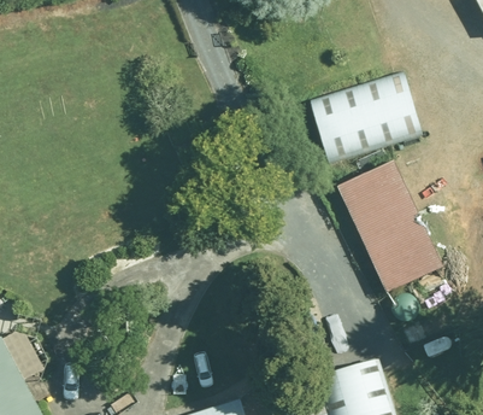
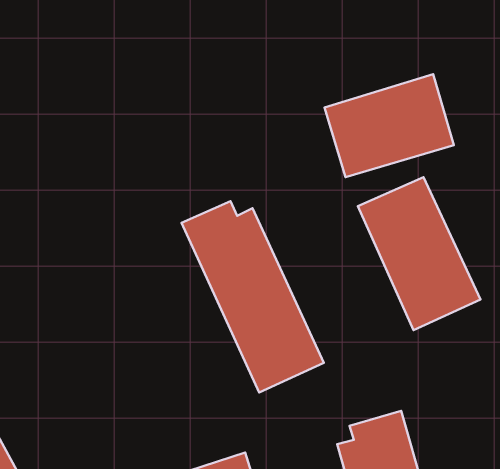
building: none -> [181,201,324,392]

